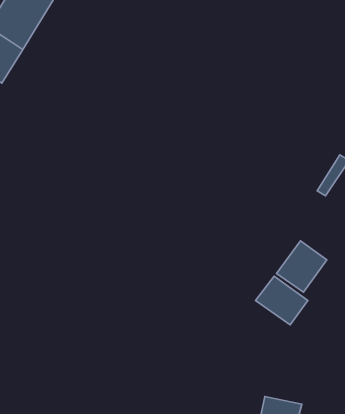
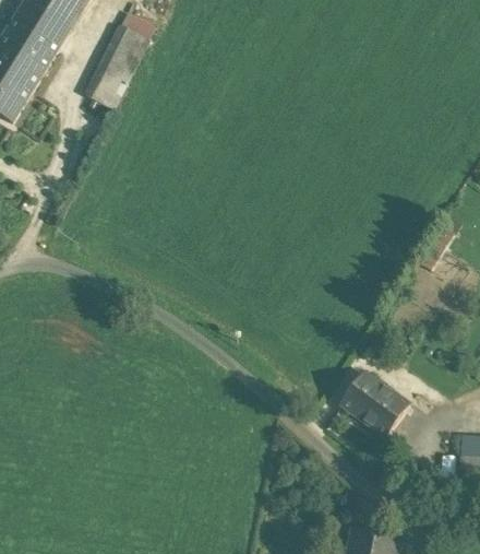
building: none -> [85,23,148,107]
building: [276,241,327,292] -> none

